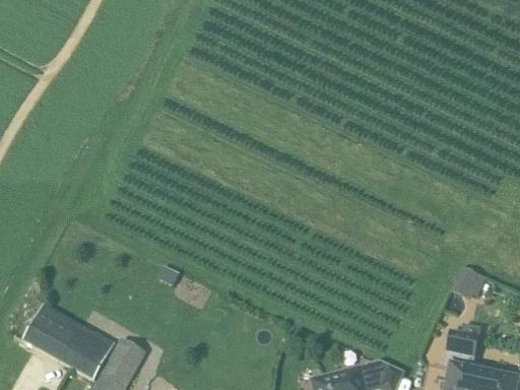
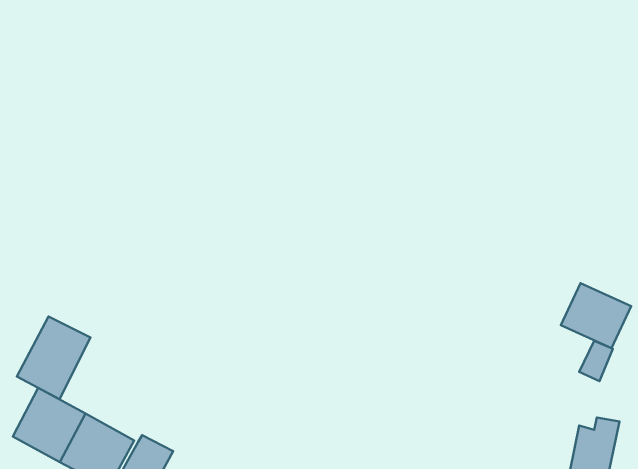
building: none -> [561,283,631,348]
building: none -> [17,316,91,399]

